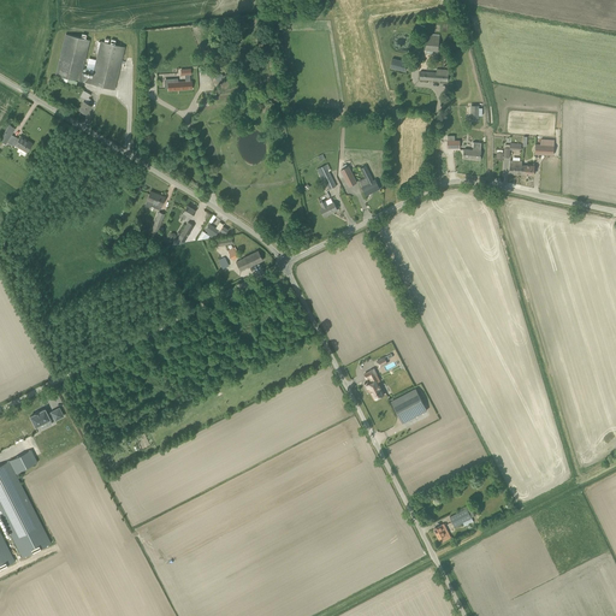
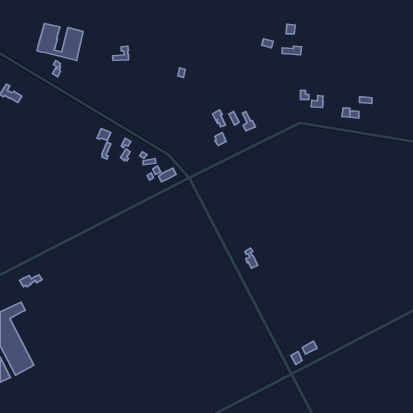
building: [391,389,427,422] -> none

